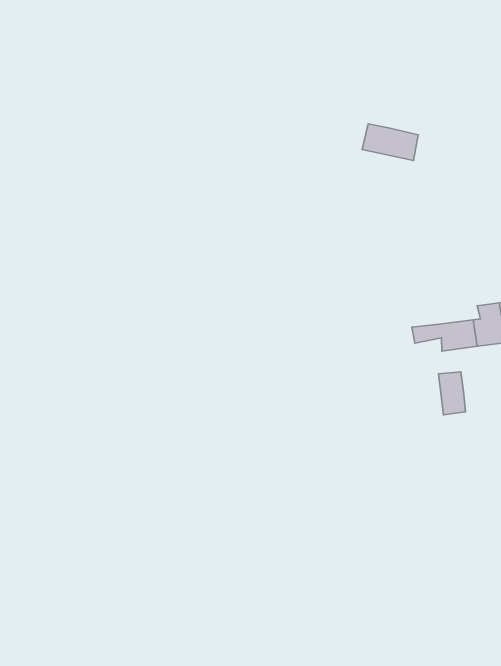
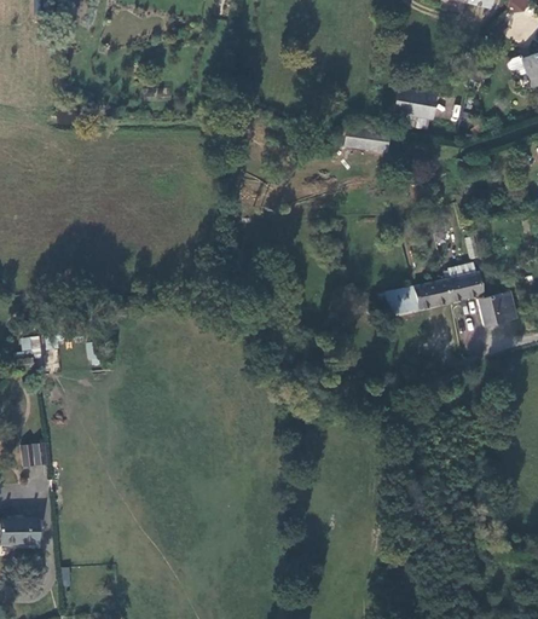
building: none -> [393,87,435,117]
building: [439,372,466,415] -> none

